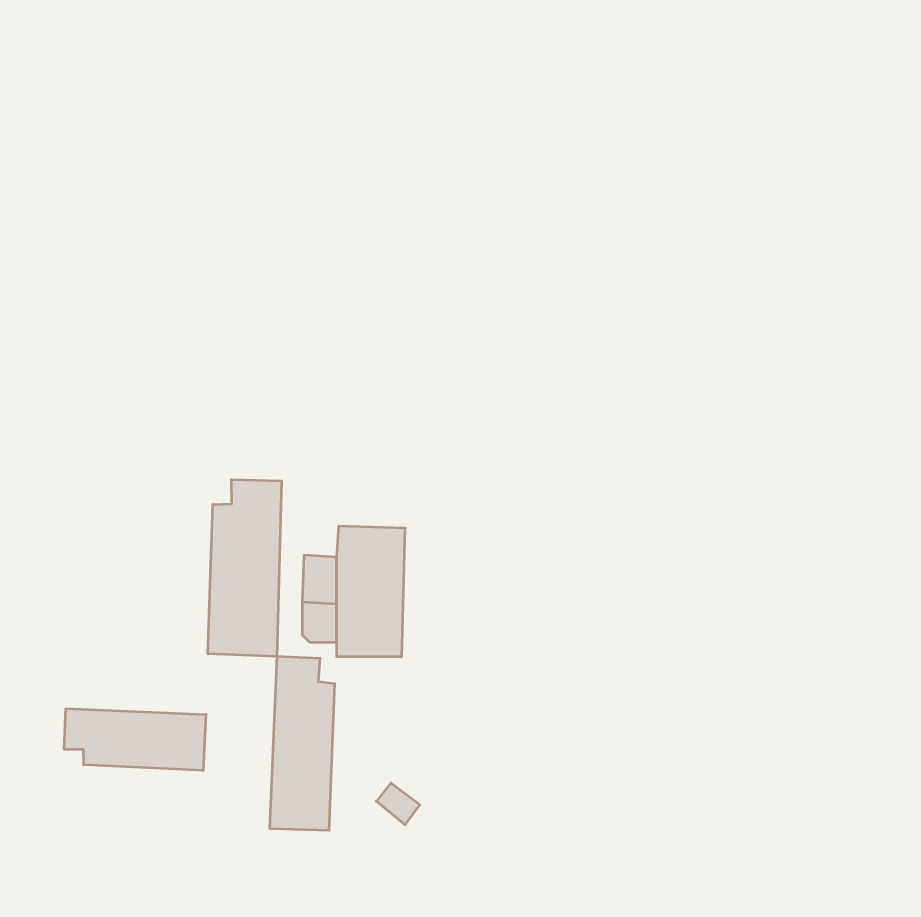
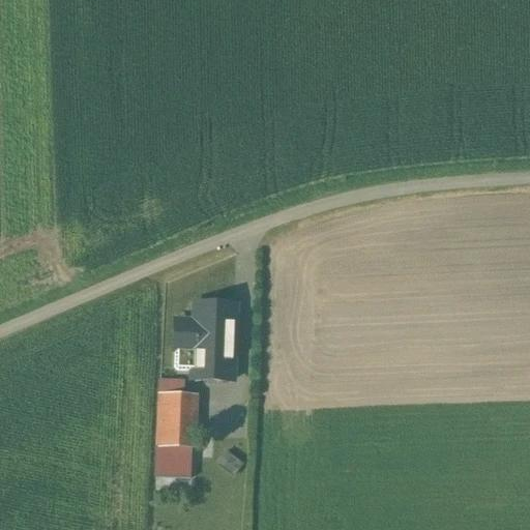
building: [208,480,282,657] -> none
building: [64,709,206,771] -> none

